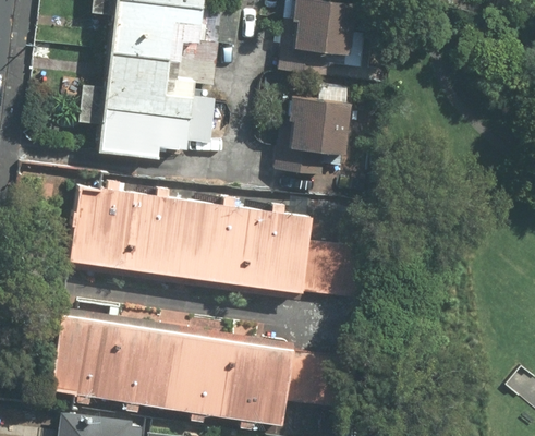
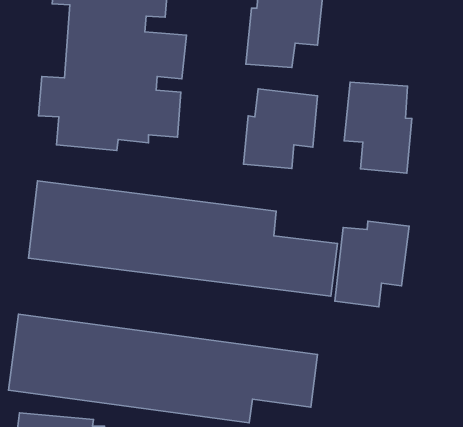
building: none -> [344,82,412,173]
building: none -> [335,221,409,307]

